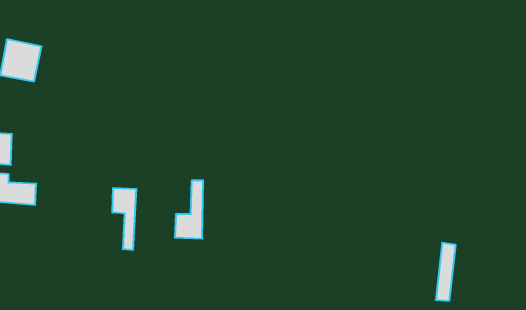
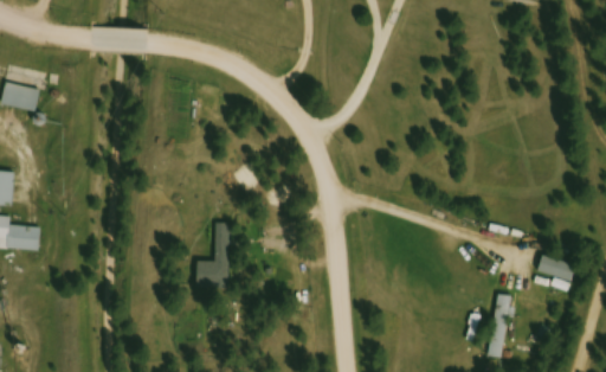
building: [112,188,136,250] -> none
building: none -> [537,255,576,290]

